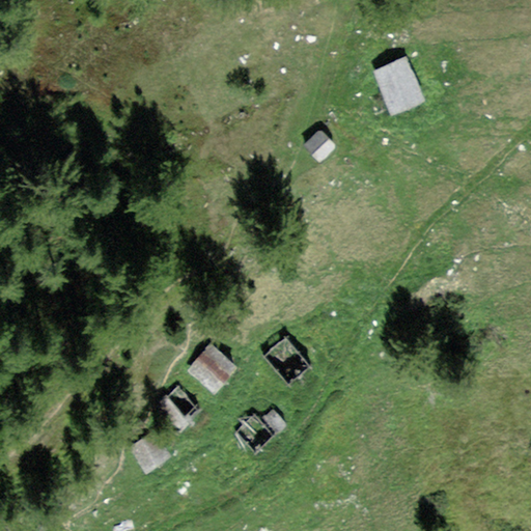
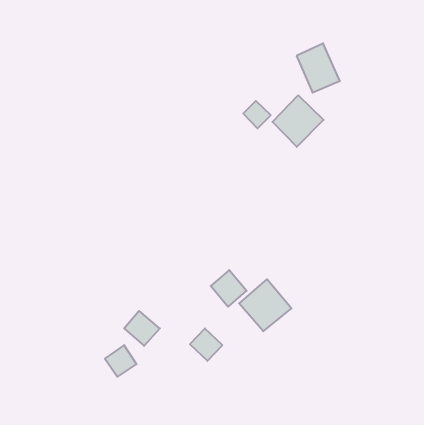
building: none -> [272,95,324,147]
building: [187,341,239,393] -> none
building: none -> [239,279,291,331]

